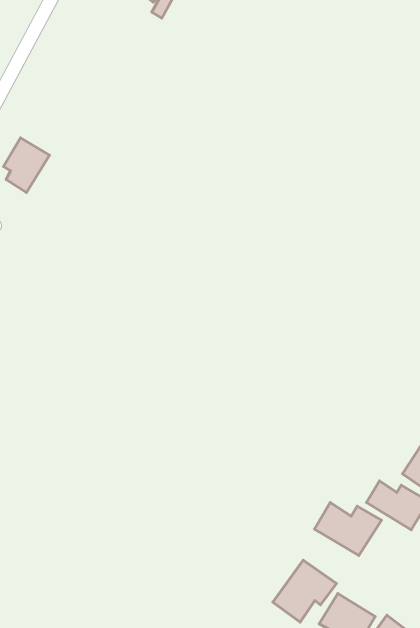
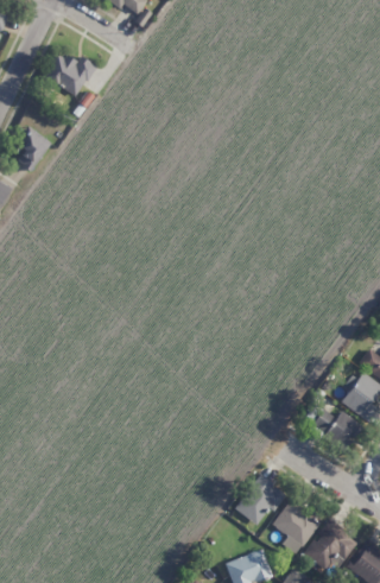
building: none -> [42,52,95,97]
building: [314,502,381,556] -> none

